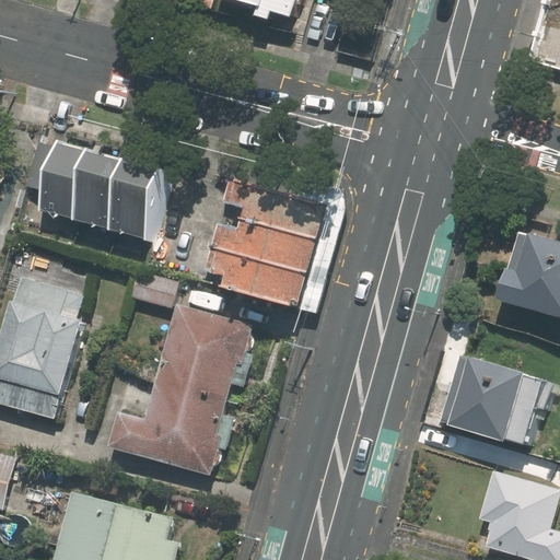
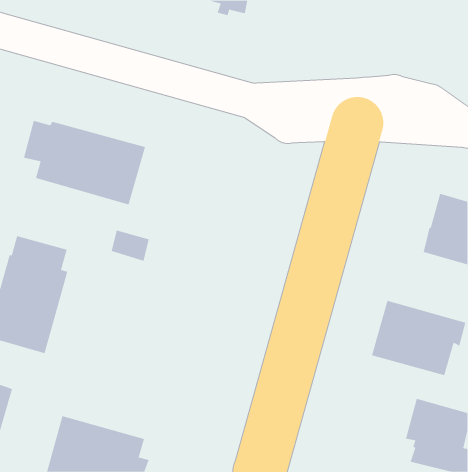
building: [205,179,324,308] -> none
building: [110,305,253,475] -> none

